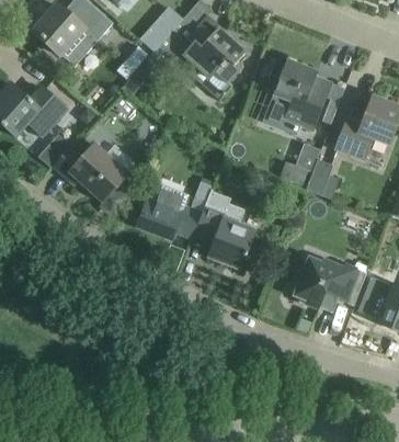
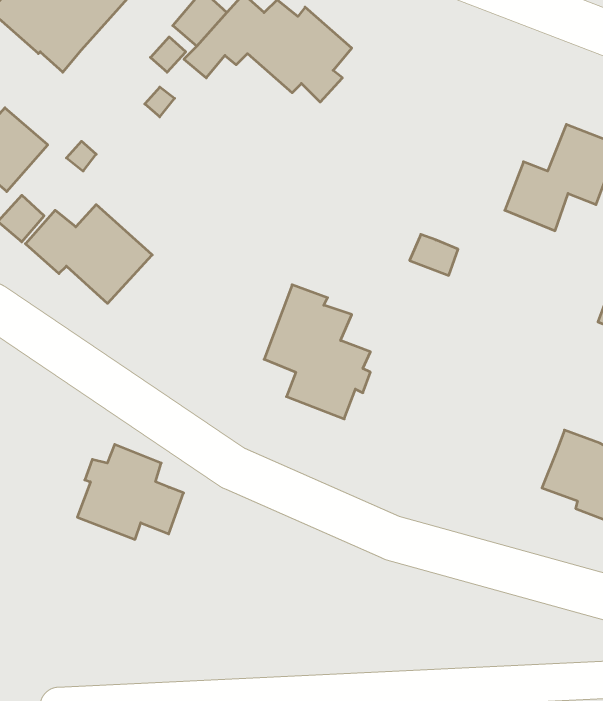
building: [264,59,344,129] -> none
building: [306,159,339,199] -> none
building: [138,183,201,239] -> [77,444,184,539]
building: [297,256,367,311] -> none

